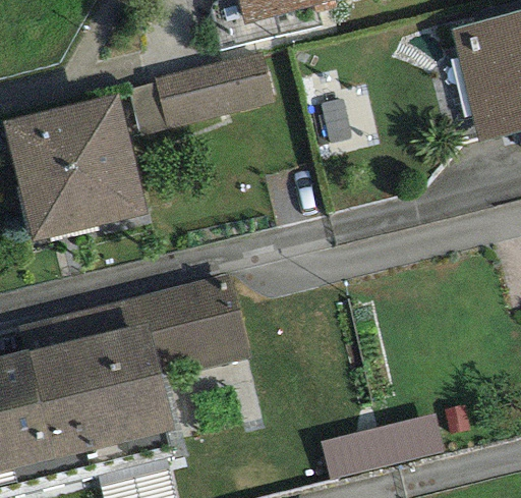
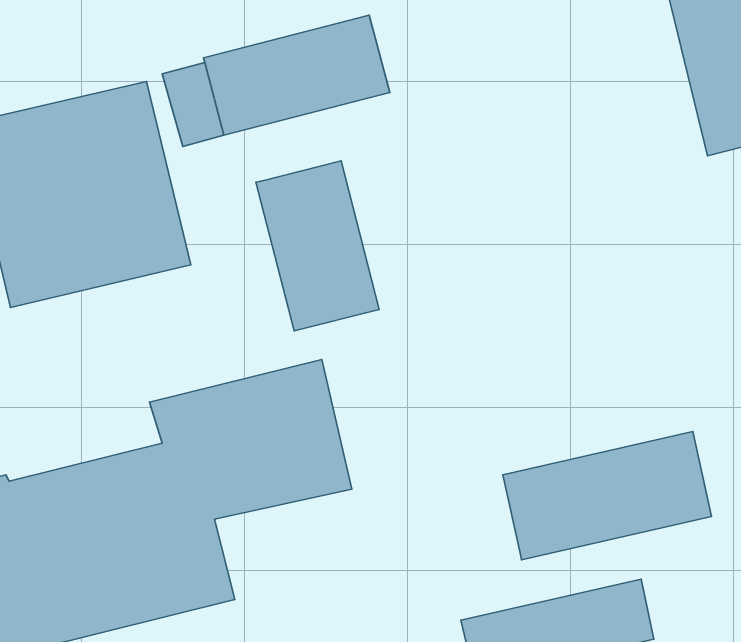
building: none -> [256,161,379,331]
building: none -> [503,432,711,560]

